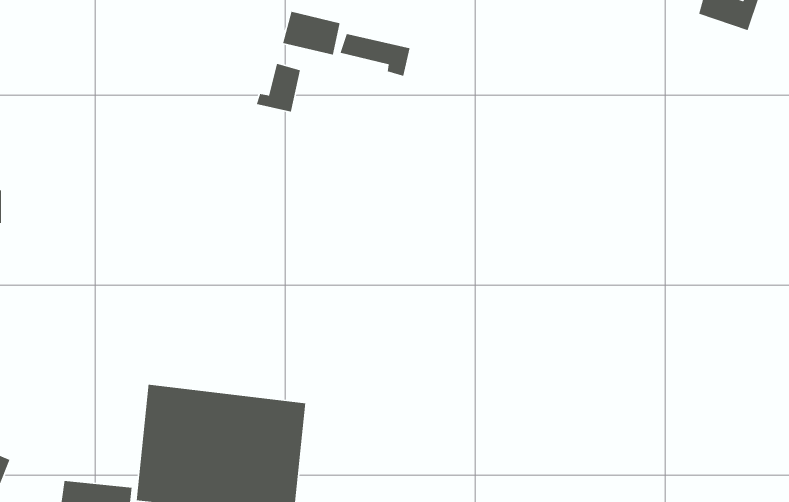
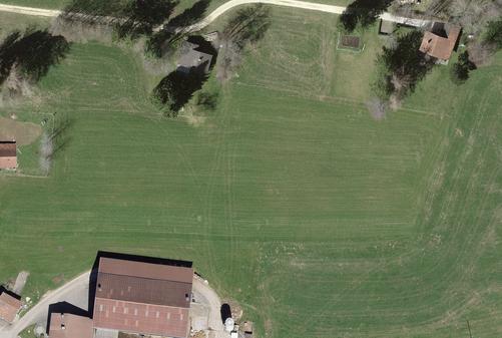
building: [339,33,411,77] -> none
building: [256,63,301,113] -> none

